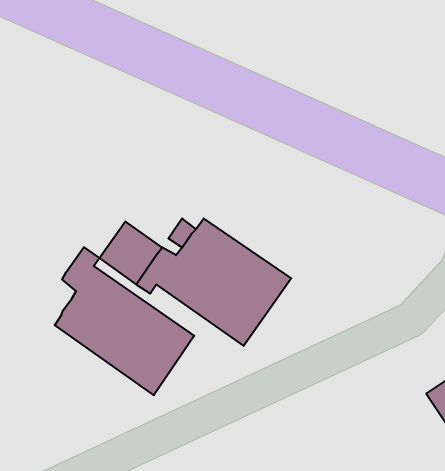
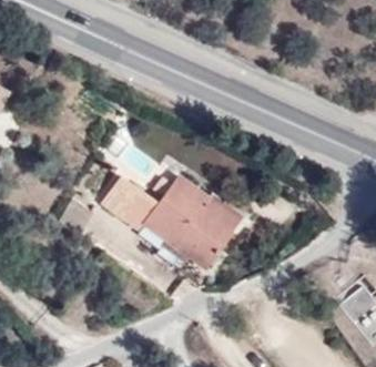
building: [55,247,194,395] -> none

